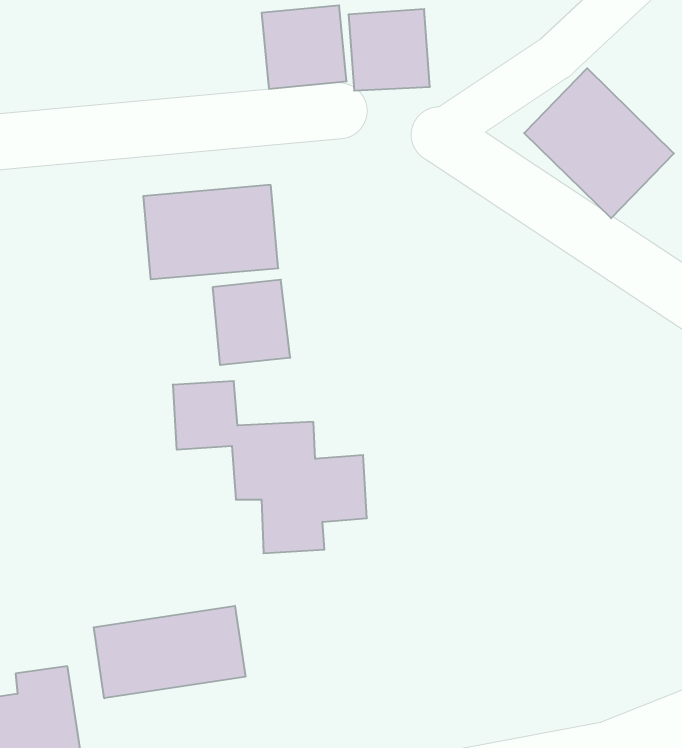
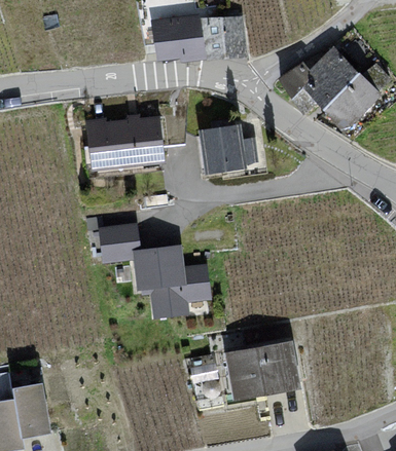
building: [213,280,290,365] -> [199,126,242,174]
building: none -> [226,341,300,402]
building: [94,606,245,698] -> none

